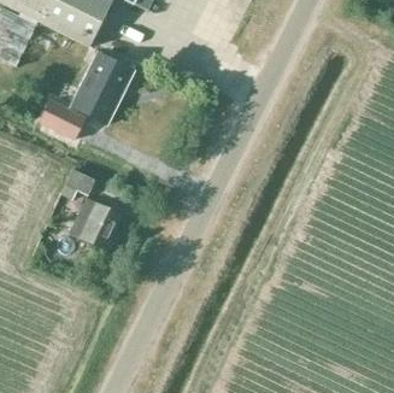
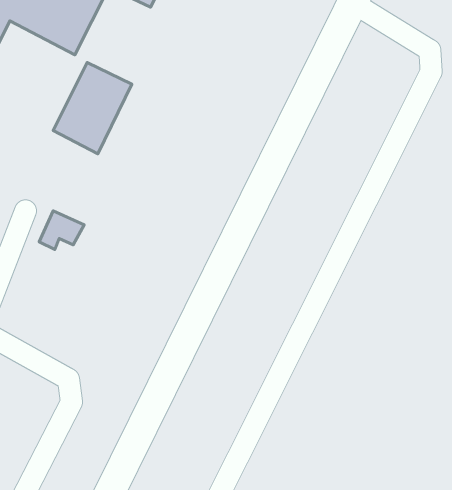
building: [40,98,87,139] -> none
building: [70,198,122,247] -> none

